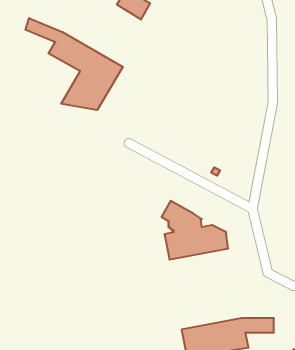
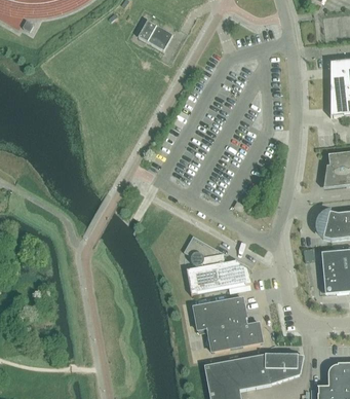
building: [26,18,123,110] -> none
building: none -> [193,297,262,351]

